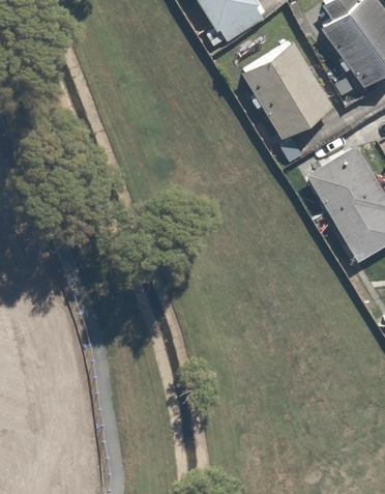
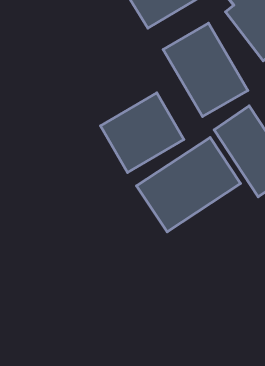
building: none -> [100,93,184,173]
building: none -> [137,138,241,232]

